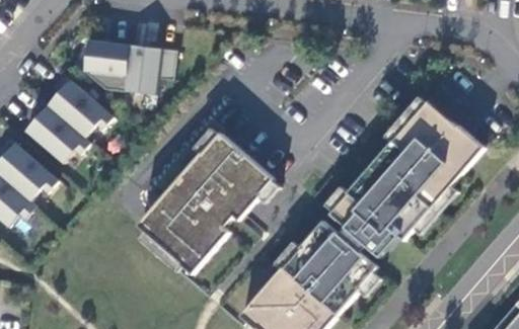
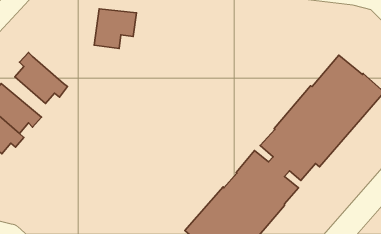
building: [82,36,128,88] -> none
building: [45,72,110,136] -> none
building: [138,132,274,279] -> none

